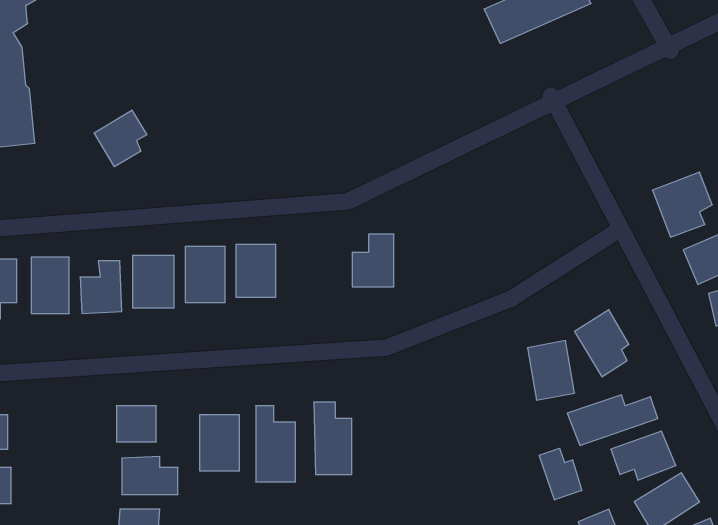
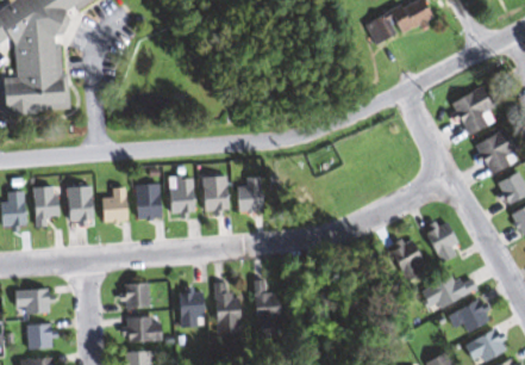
building: none -> [452,85,494,134]
building: [94,110,147,167] -> none
building: [352,234,394,287] -> [237,177,264,211]
building: [539,448,582,500] -> none

